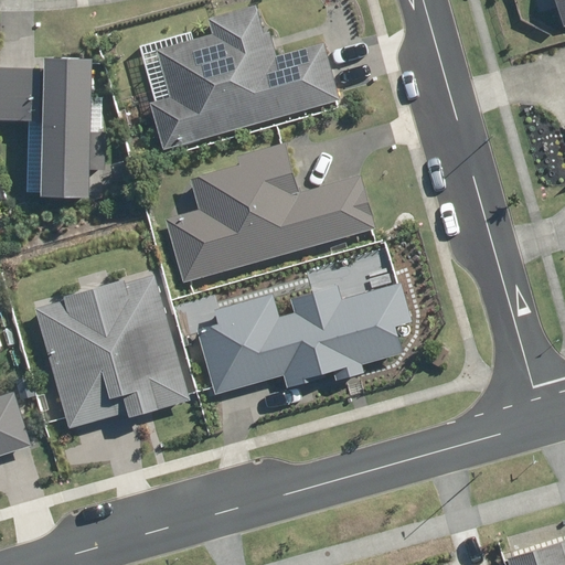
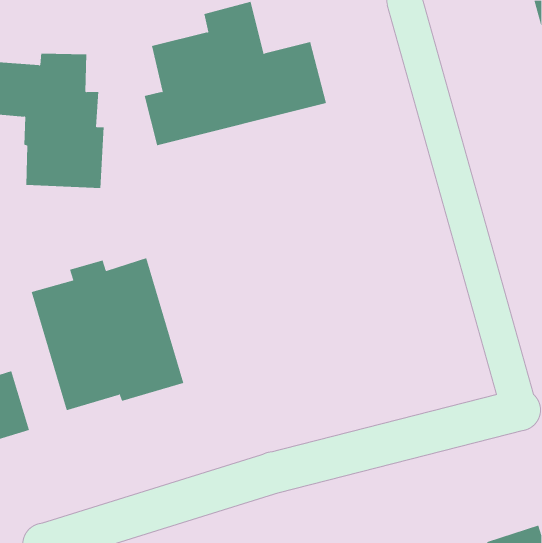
building: [167,152,372,280] -> none
building: [192,284,409,394] -> none

